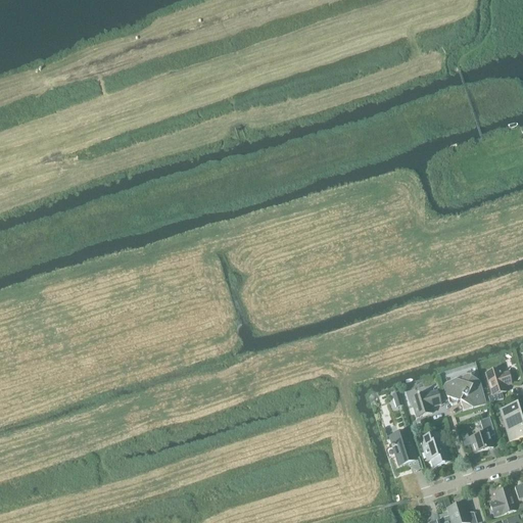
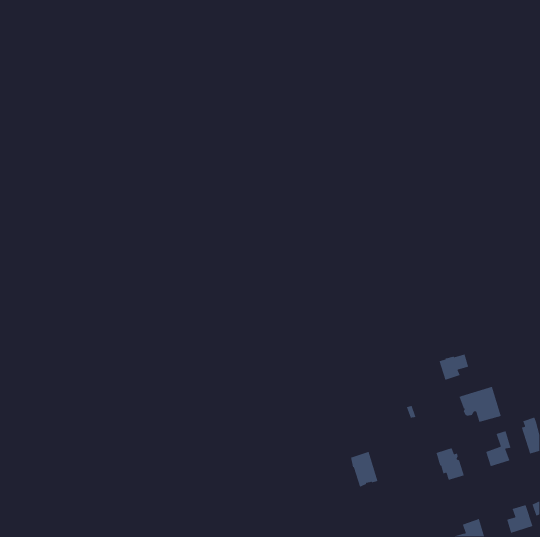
building: [486,369,511,401] -> none
building: [411,389,440,416] -> [439,353,469,381]
building: [389,429,417,465] -> [350,451,379,488]

